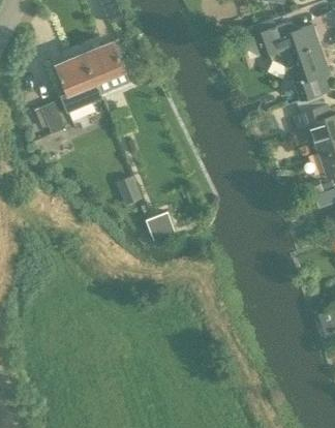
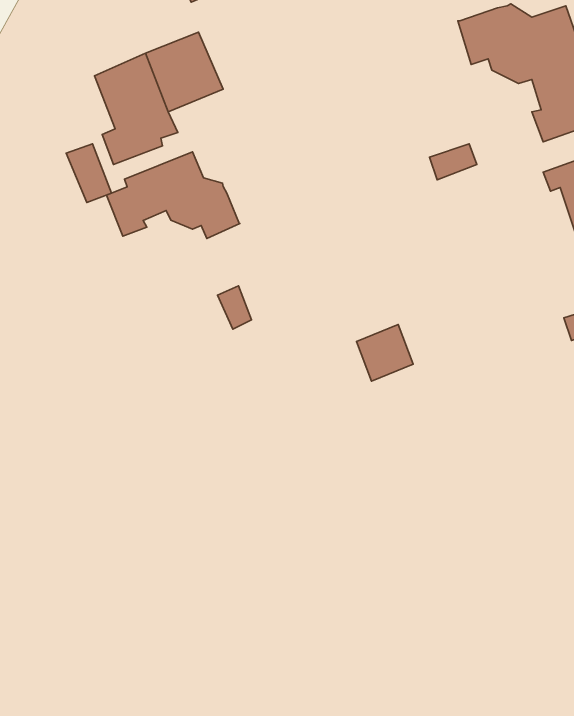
building: none -> [106,152,240,238]
building: [145,210,176,241] -> [356,324,413,381]

